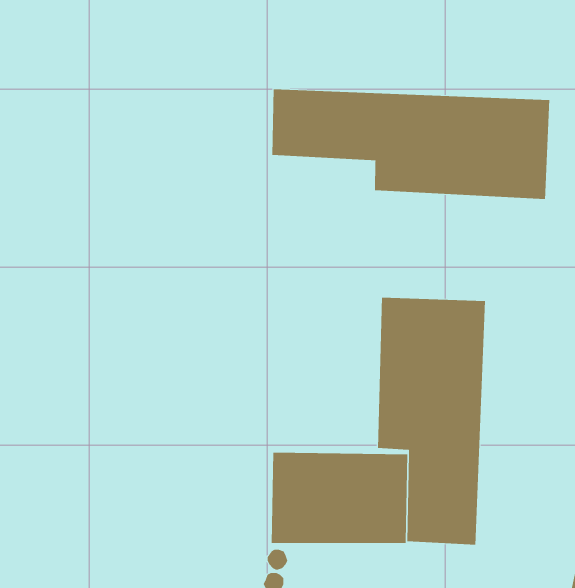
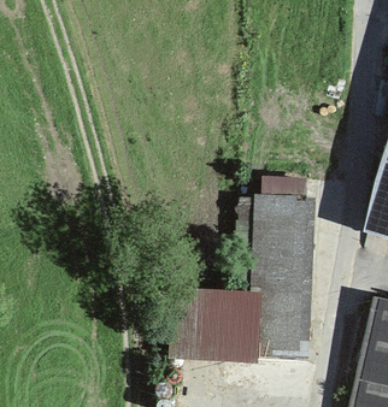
building: [272,88,550,200] -> none

